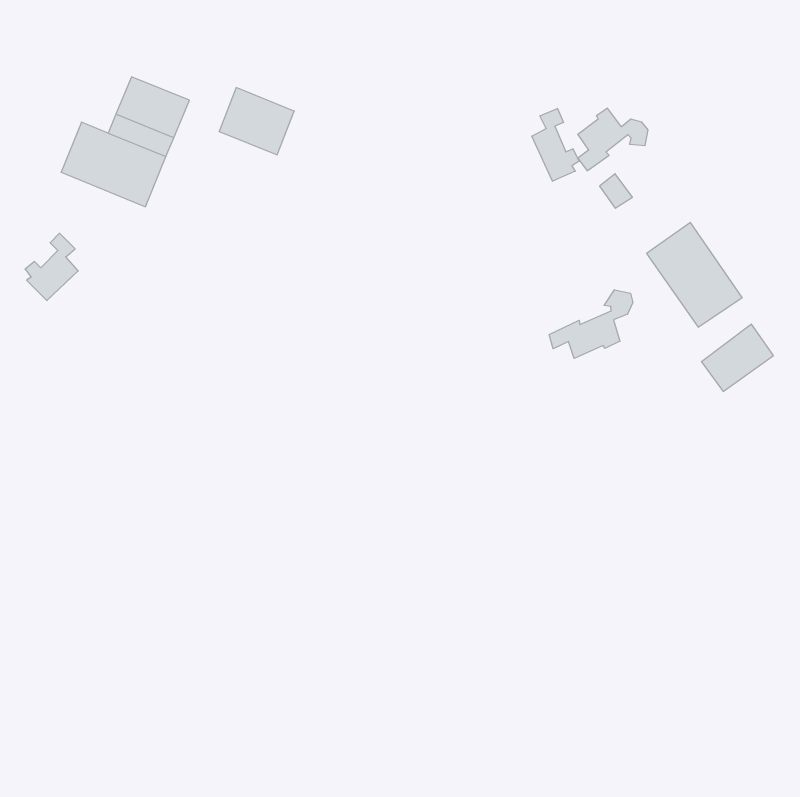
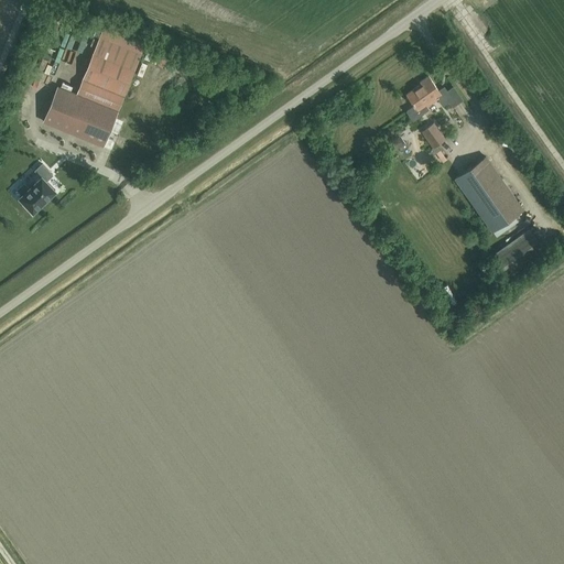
building: [219,88,294,155] -> [93,25,145,73]
building: [532,108,579,181] -> none
building: [549,290,633,358] -> none

